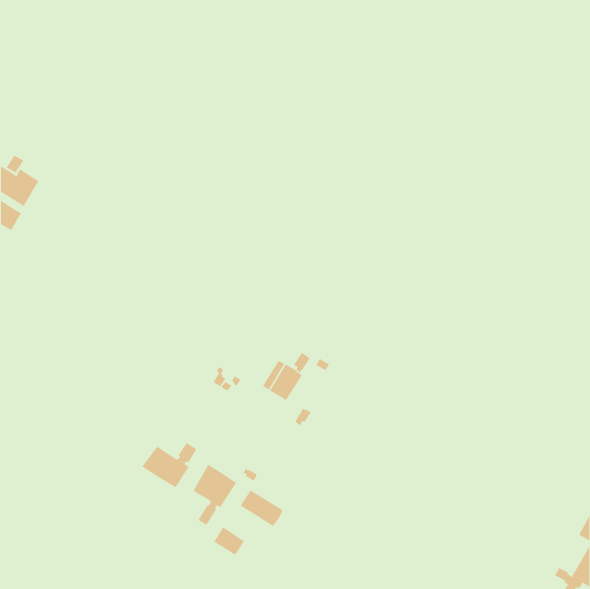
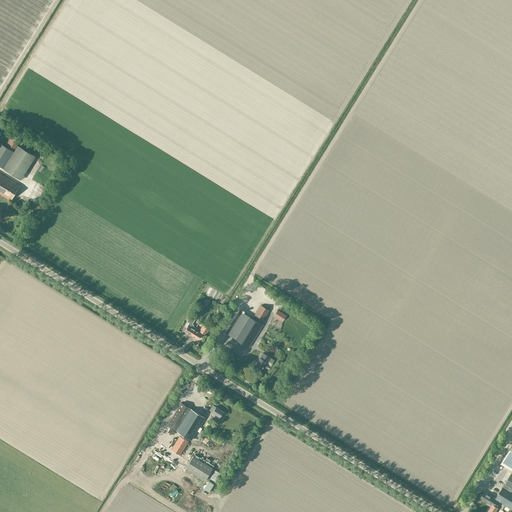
building: [142,442,197,488] -> none
building: [240,489,283,527] -> none

